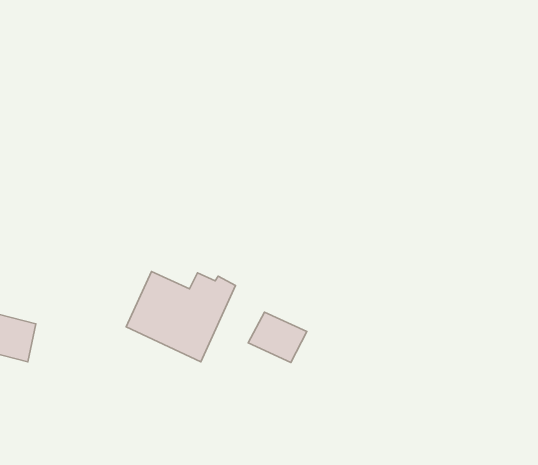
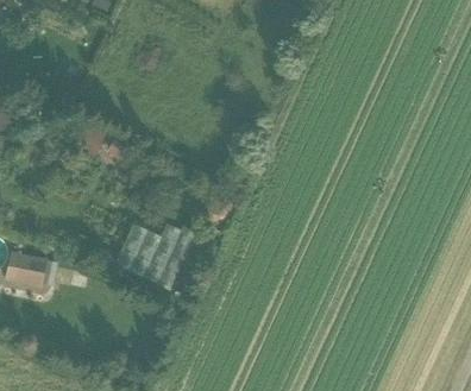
building: [248,312,307,362] -> none

